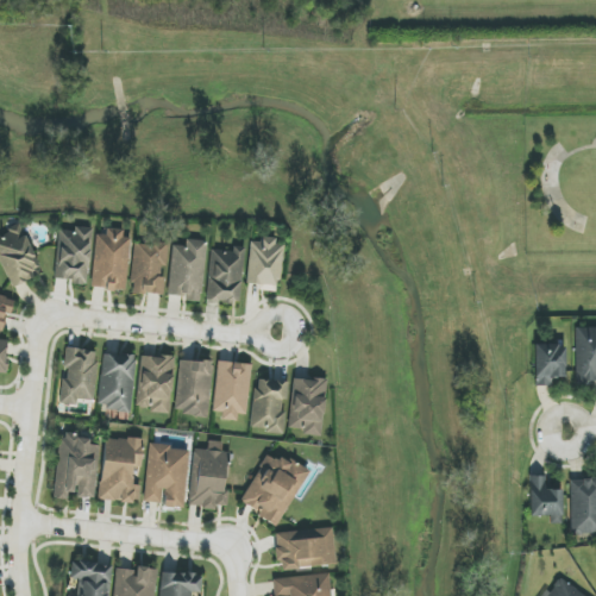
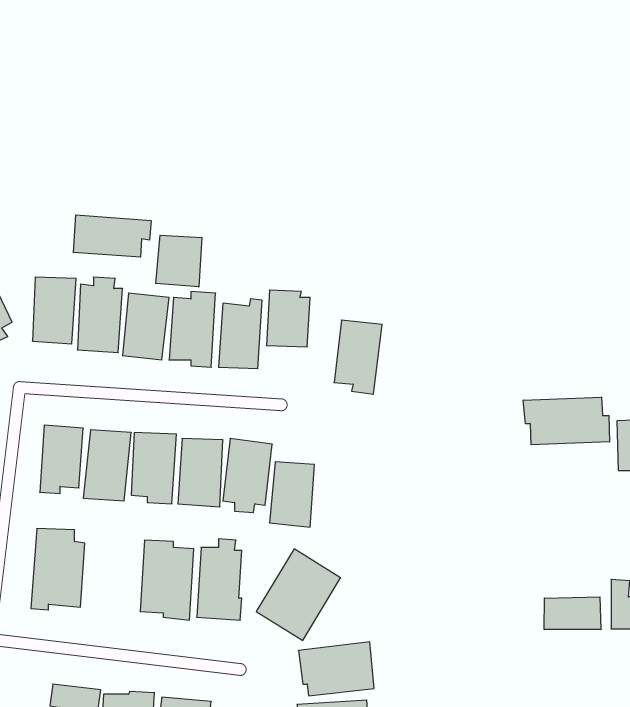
building: none -> [73,215,151,257]
building: none -> [156,235,202,287]
building: none -> [523,397,610,445]
building: [288,376,327,437] -> [334,320,382,394]
building: [99,437,144,502] -> none
building: none -> [544,597,601,630]

